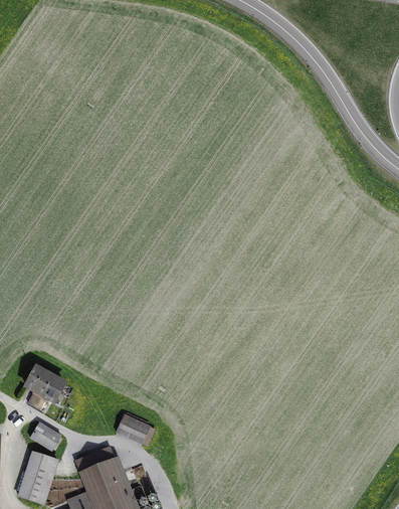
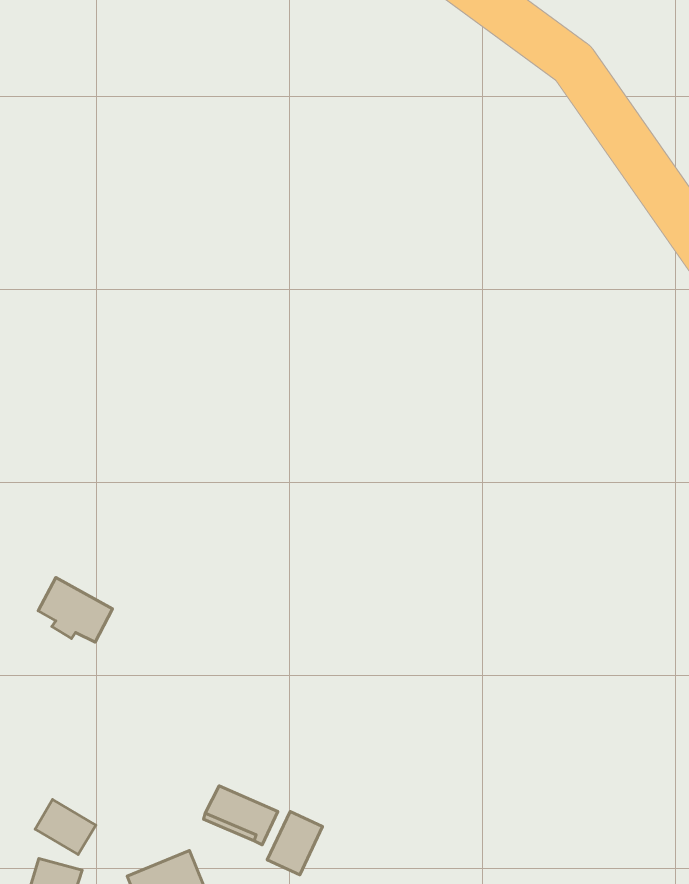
building: [27,369,65,402] -> [38,578,113,642]
building: none -> [267,811,323,875]

